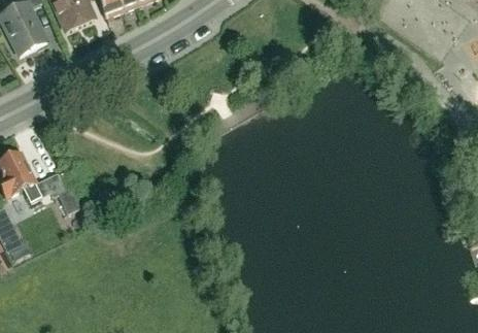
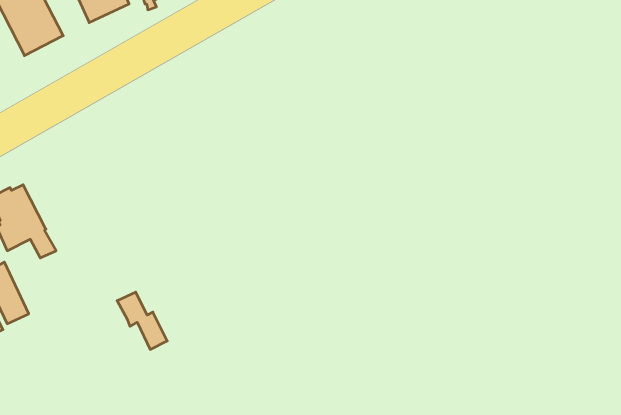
building: [44,172,80,213] -> [117,292,167,349]

